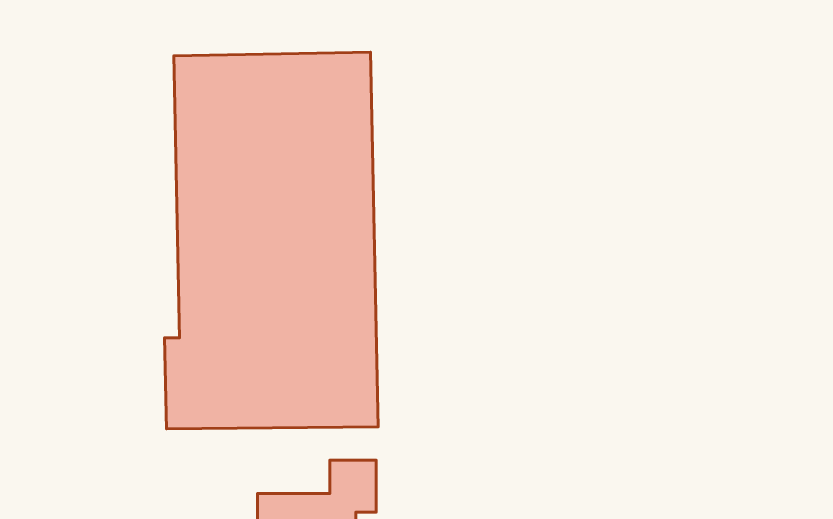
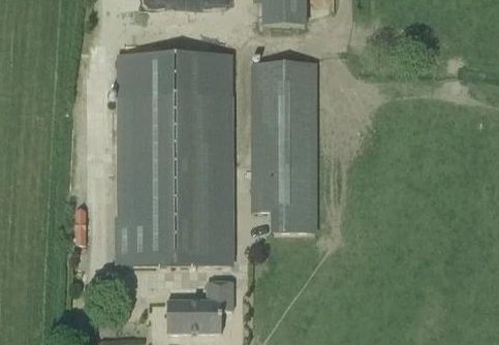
building: none -> [253,61,315,228]

